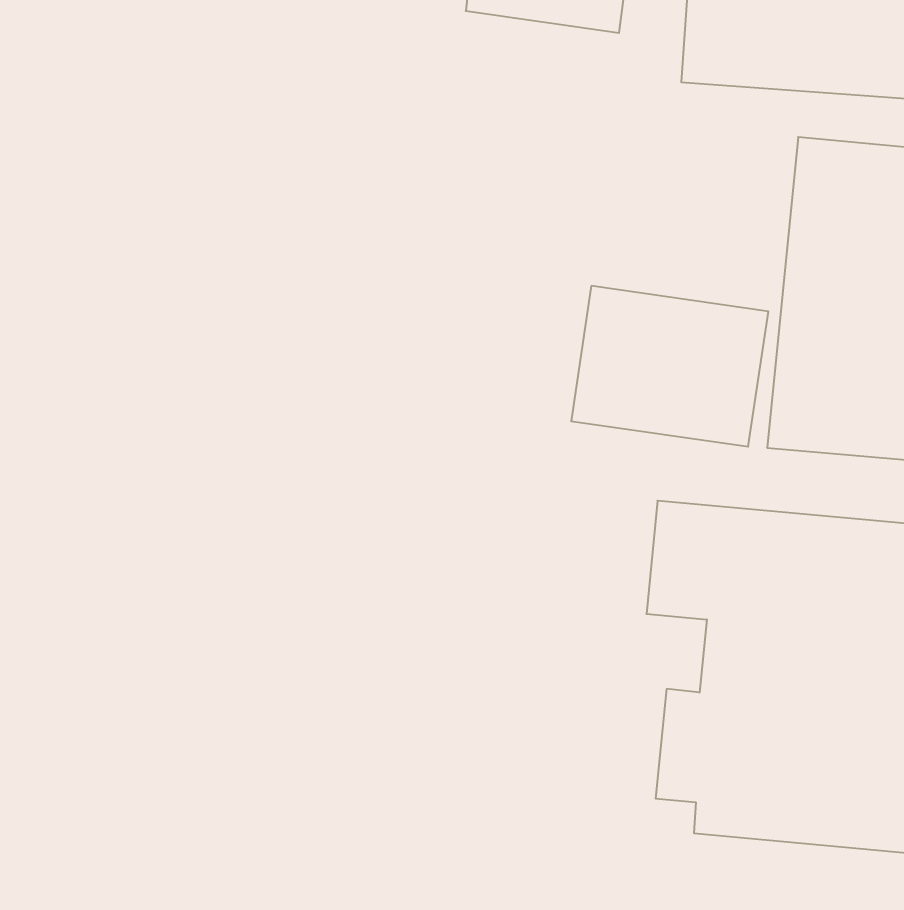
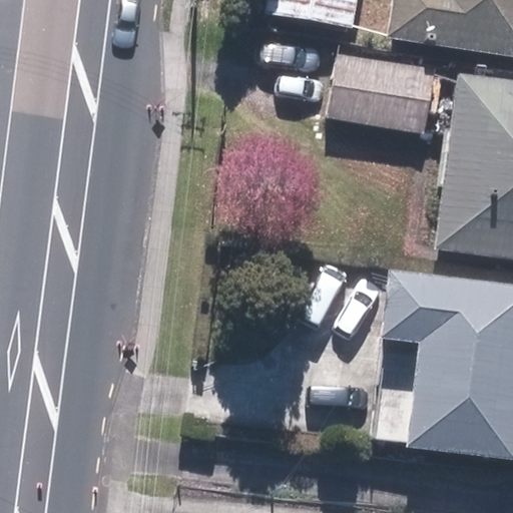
building: [571,286,768,447] -> [334,45,442,133]

